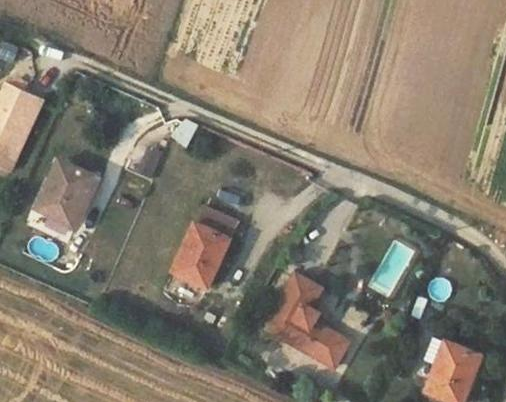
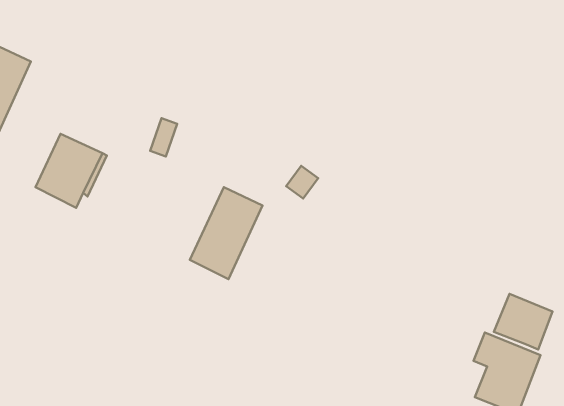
building: [264,274,350,369] -> none
building: none -> [494,294,553,349]

